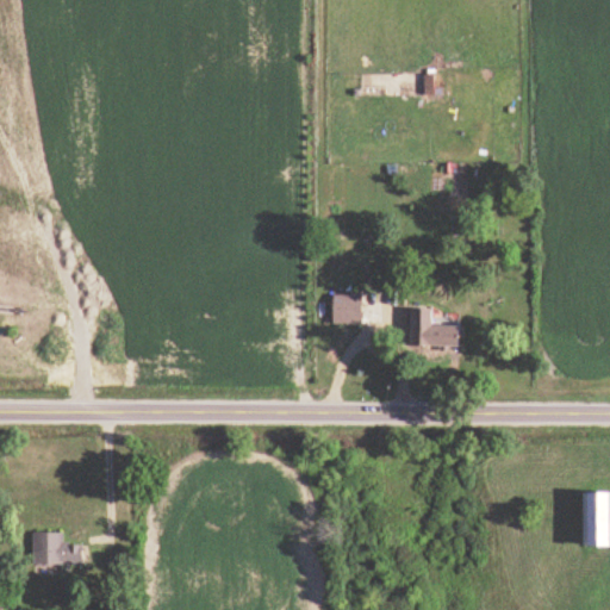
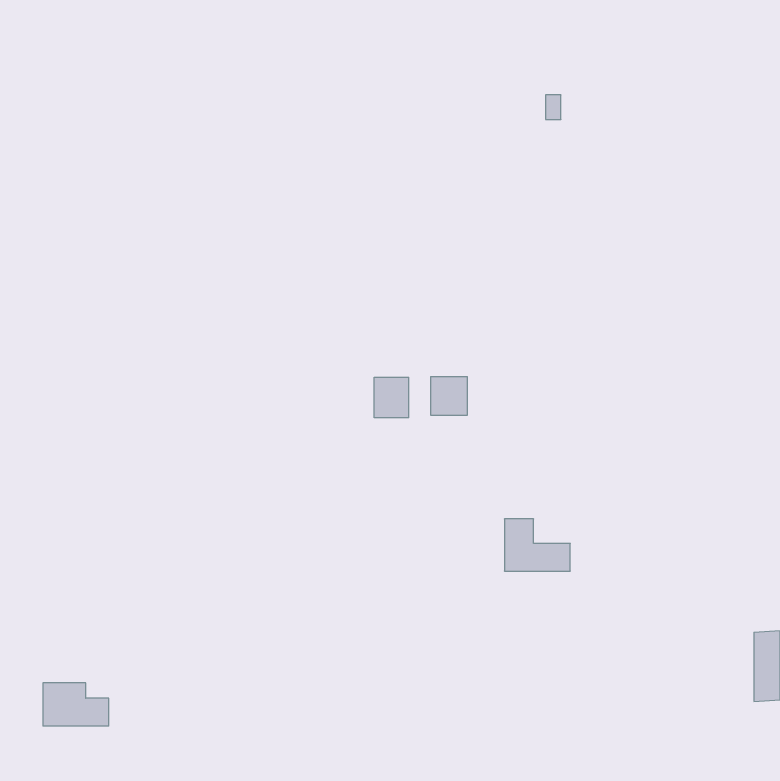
building: none -> [374,377,409,418]
building: [415,307,466,348] -> [504,519,570,571]

